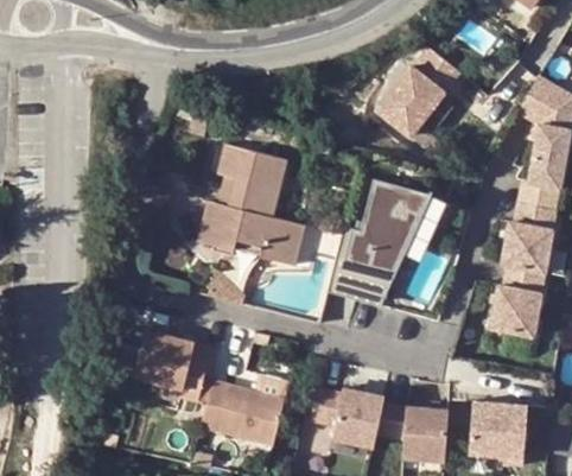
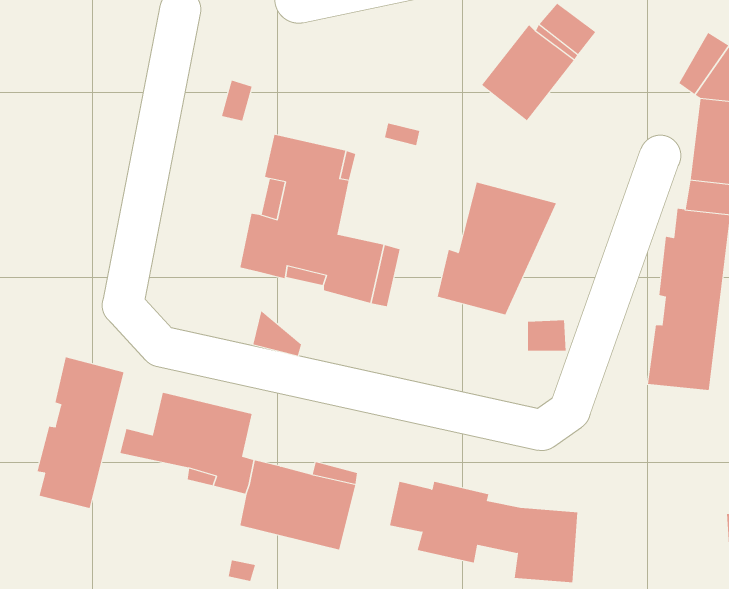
building: [329,227,395,305] -> none
building: none -> [37,356,124,509]
building: [469,396,527,463] -> none

